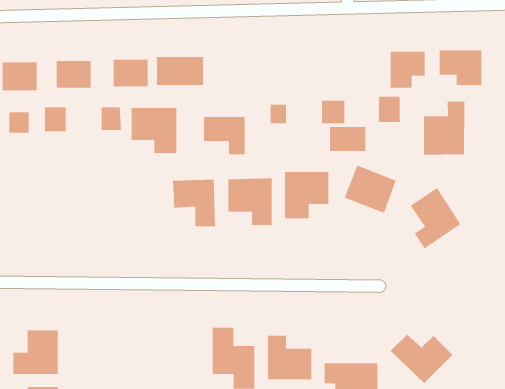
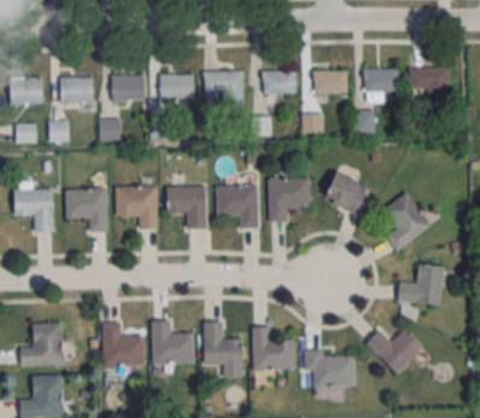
building: none -> [264,71,298,94]
building: [424,101,465,156] -> none
building: [131,107,177,154] -> [116,187,158,230]
building: [203,116,245,155] -> [205,71,244,106]
building: [329,126,366,152] -> [314,70,347,93]
building: none -> [14,184,53,232]
building: none -> [68,188,107,233]
building: none -> [398,266,443,306]
building: none -> [152,321,194,364]
building: none -> [103,324,145,366]

